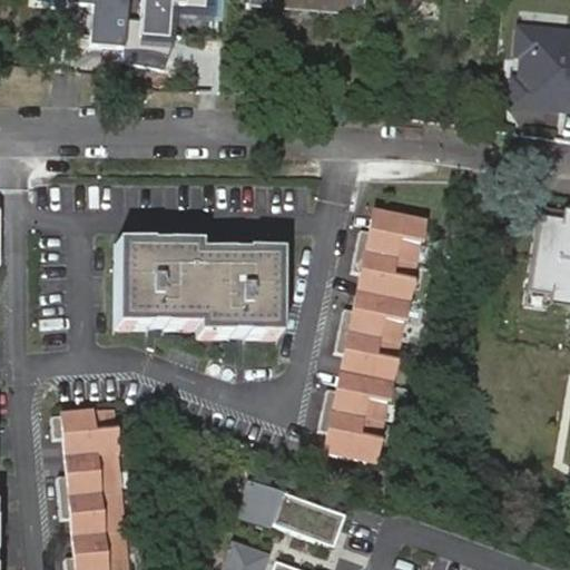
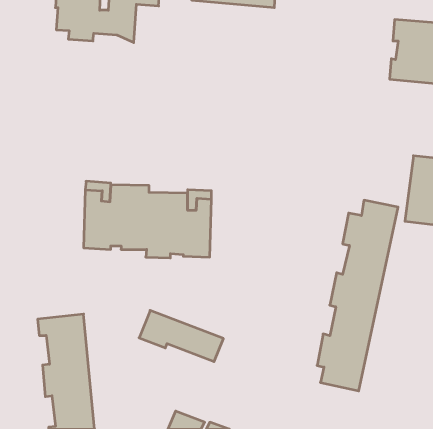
building: [322,213,428,462] -> [317,200,398,391]
building: [236,476,346,543] -> [139,310,223,362]

